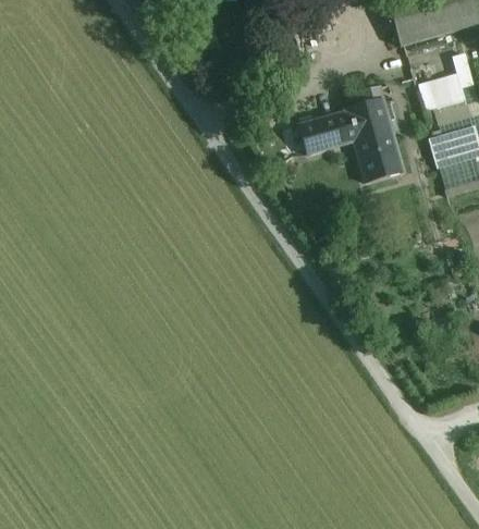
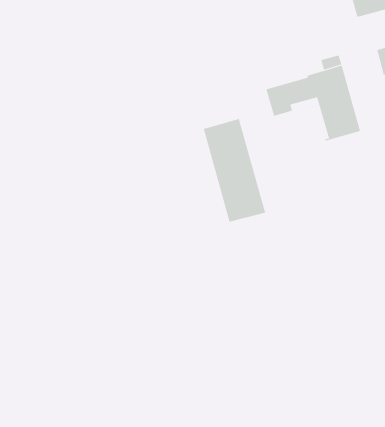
building: none -> [203,118,266,223]

